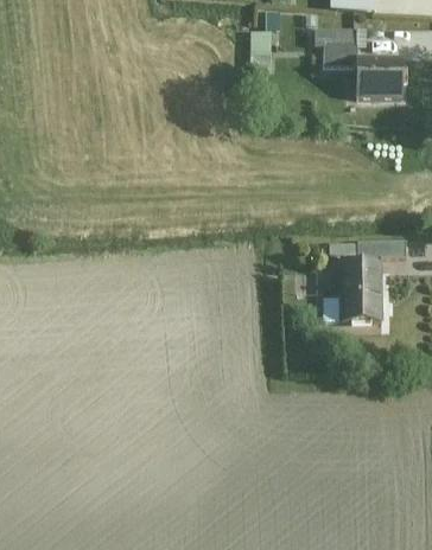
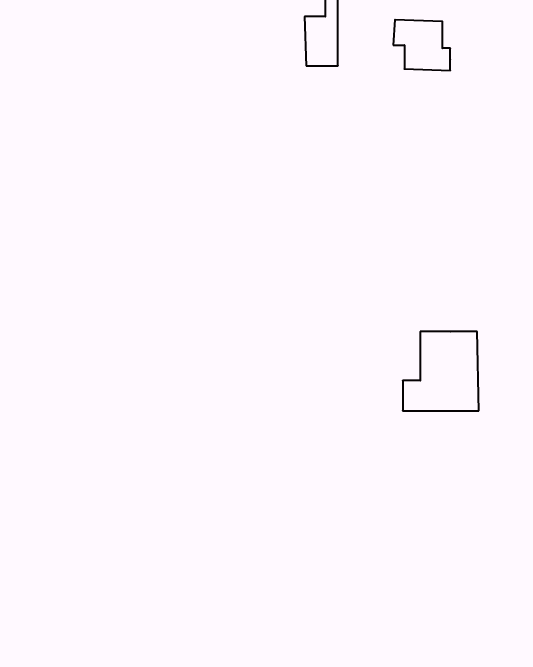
building: [357,58,413,101] -> none
building: [358,241,409,262] -> none

